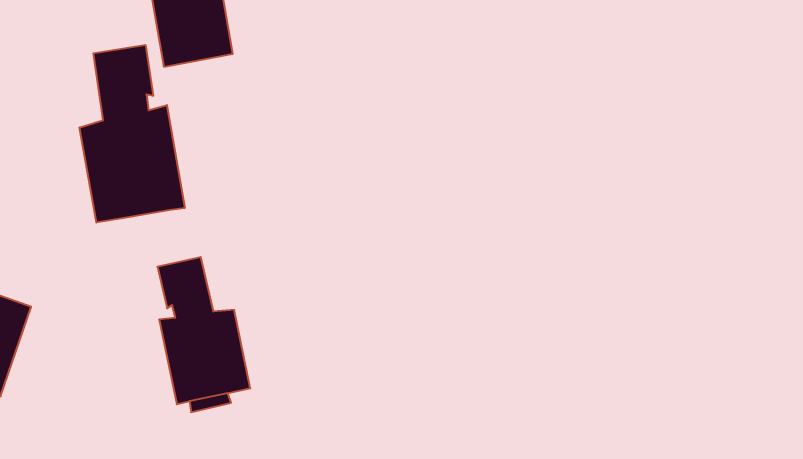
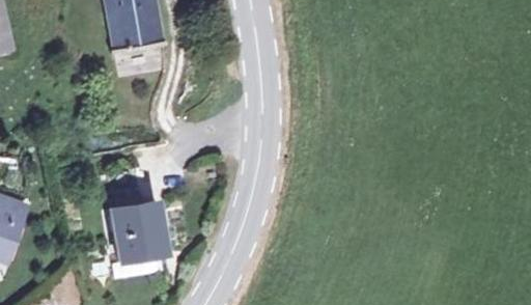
building: [80,45,185,223] -> none

